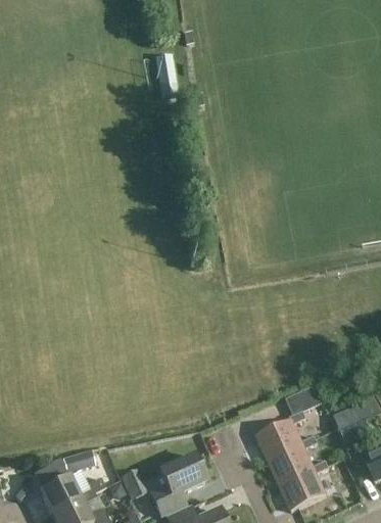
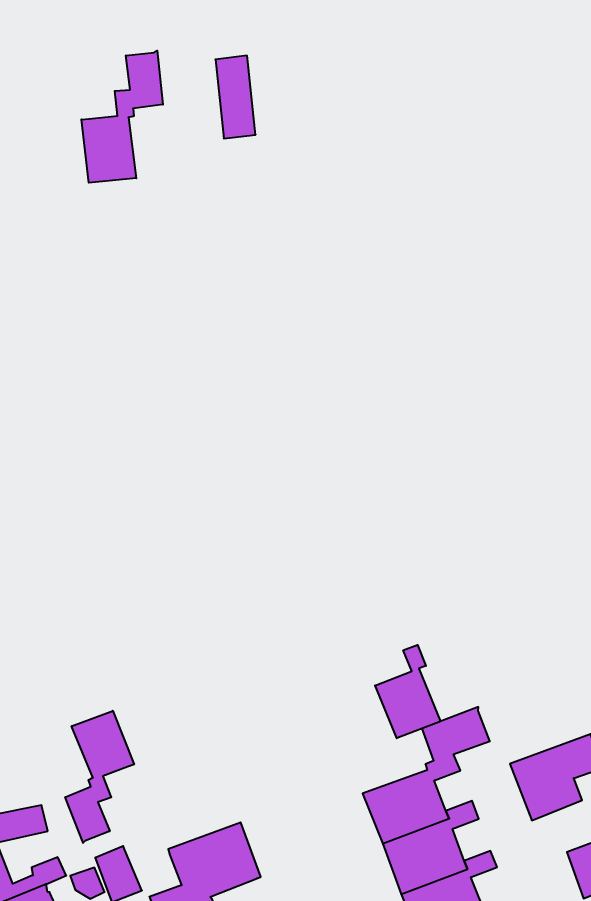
building: none -> [81,51,163,183]
building: none -> [375,645,441,738]
building: none -> [65,711,134,843]

